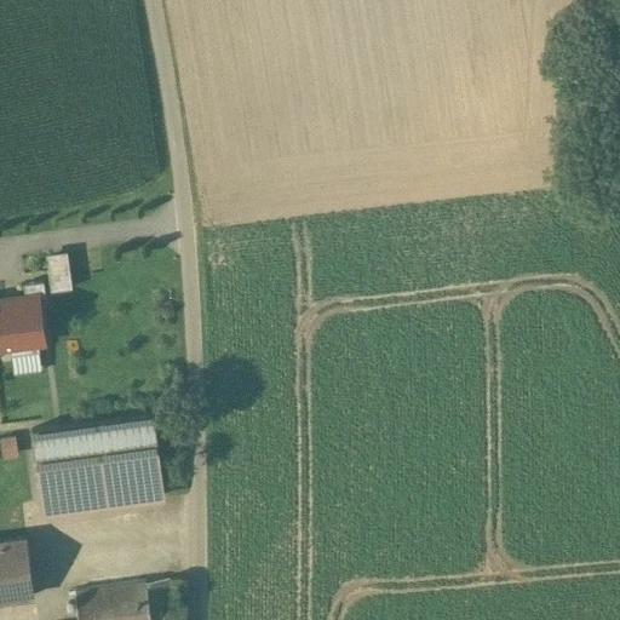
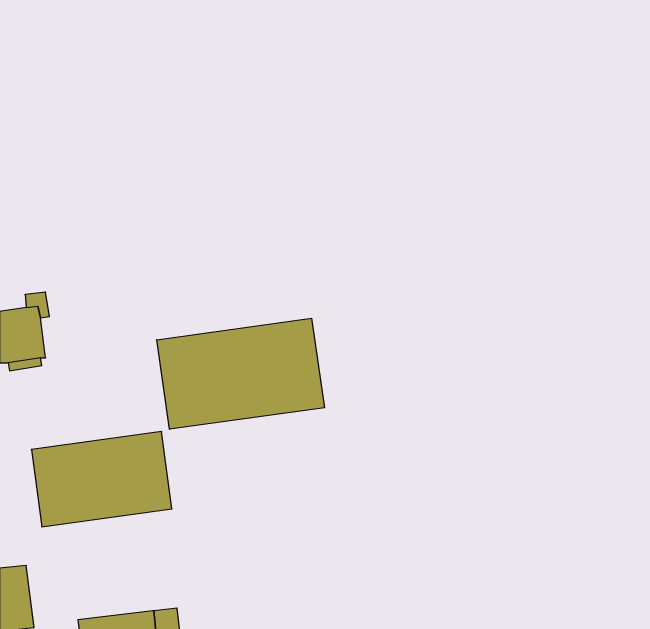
building: [42,256,71,298] -> none
building: none -> [157,318,324,429]

